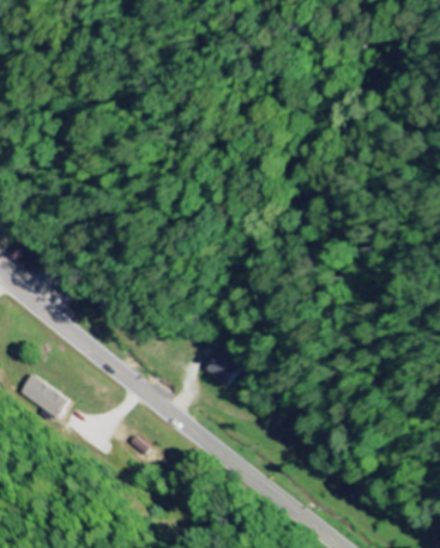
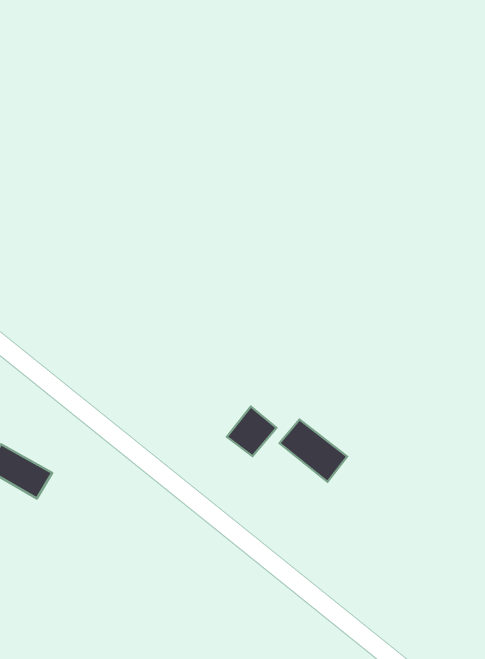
building: none -> [280,419,347,482]

